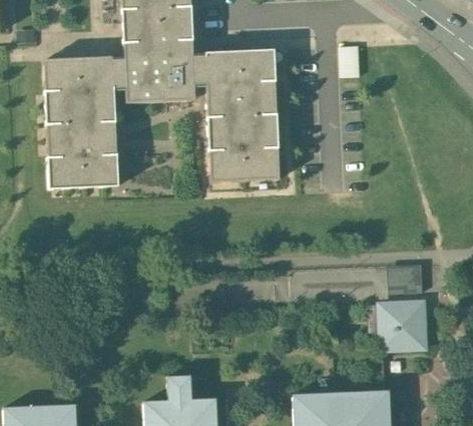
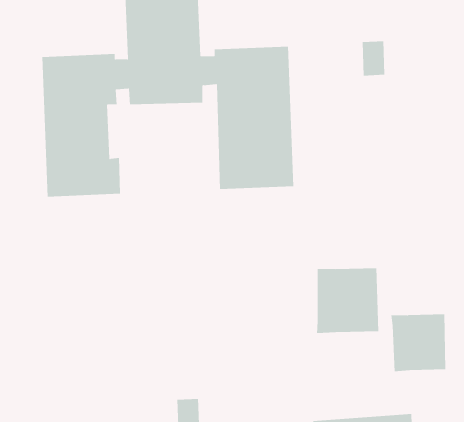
building: none -> [317,268,379,334]
building: [386,269,421,299] -> none

